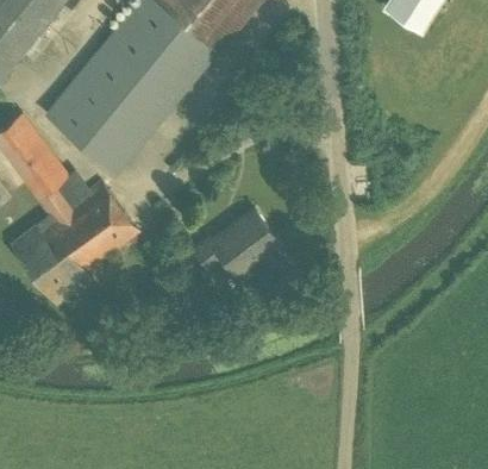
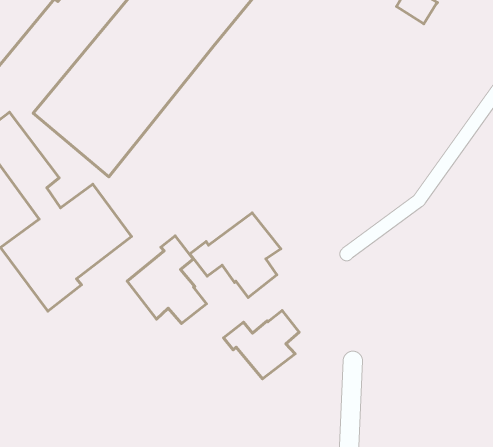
building: none -> [127,236,207,324]
building: none -> [223,311,299,379]

